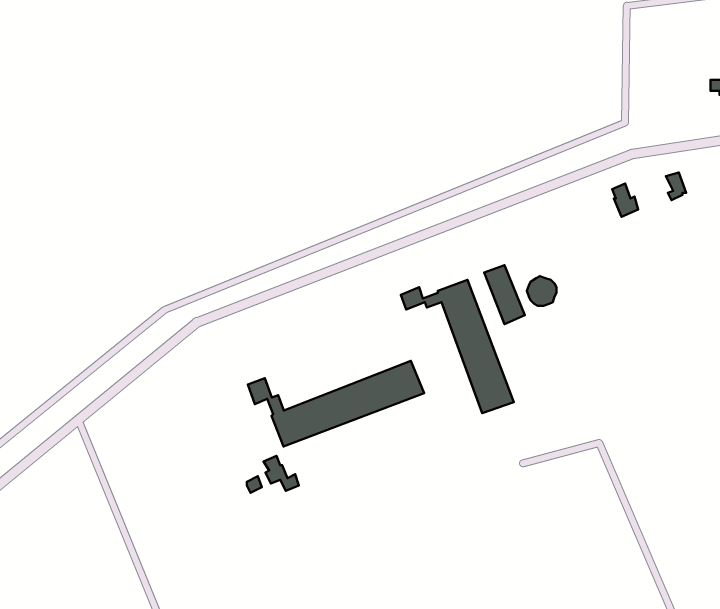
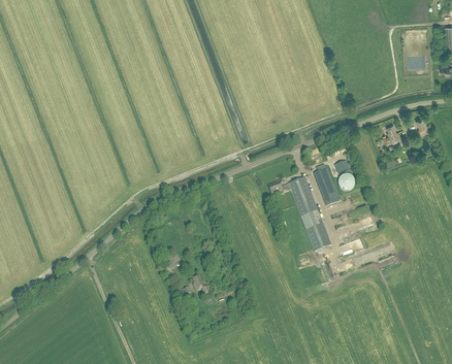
building: [248,361,424,447] -> none

